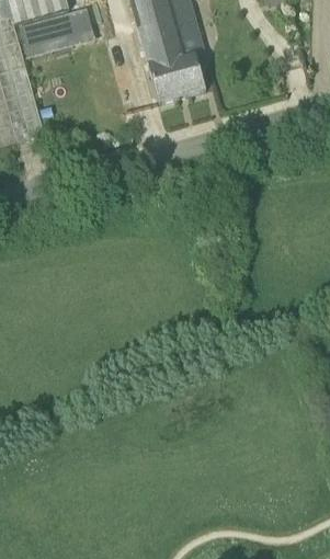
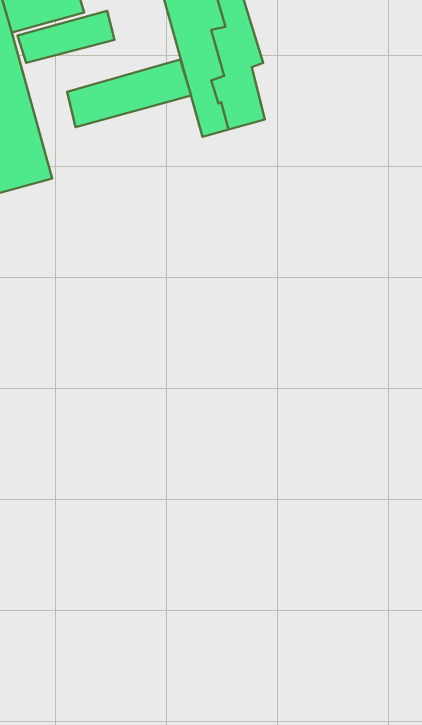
building: none -> [67,59,191,127]

